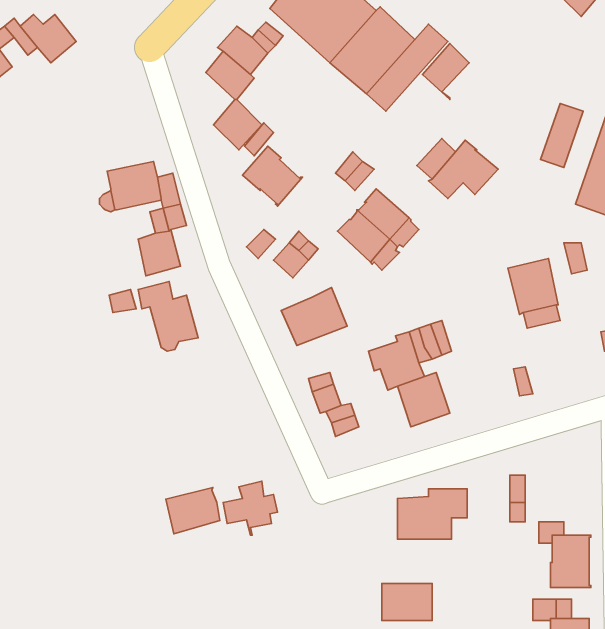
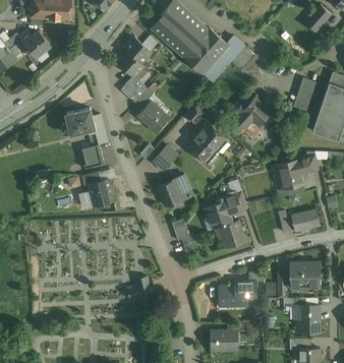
building: none -> [290,209,319,231]
building: none -> [289,262,319,288]
building: [166,487,220,534] -> none

